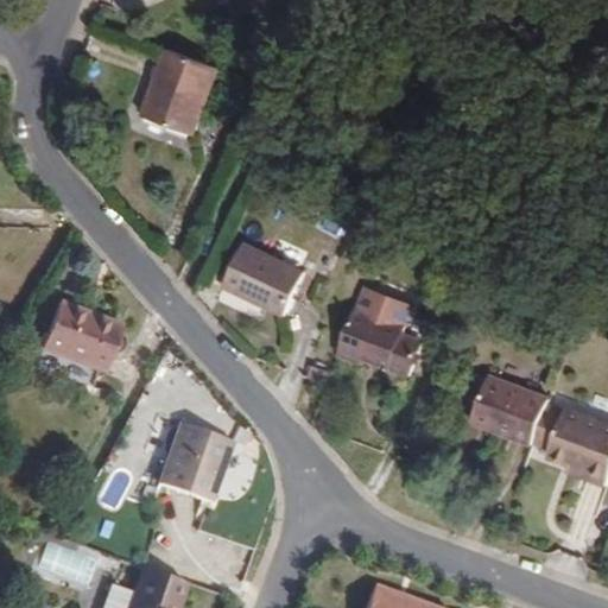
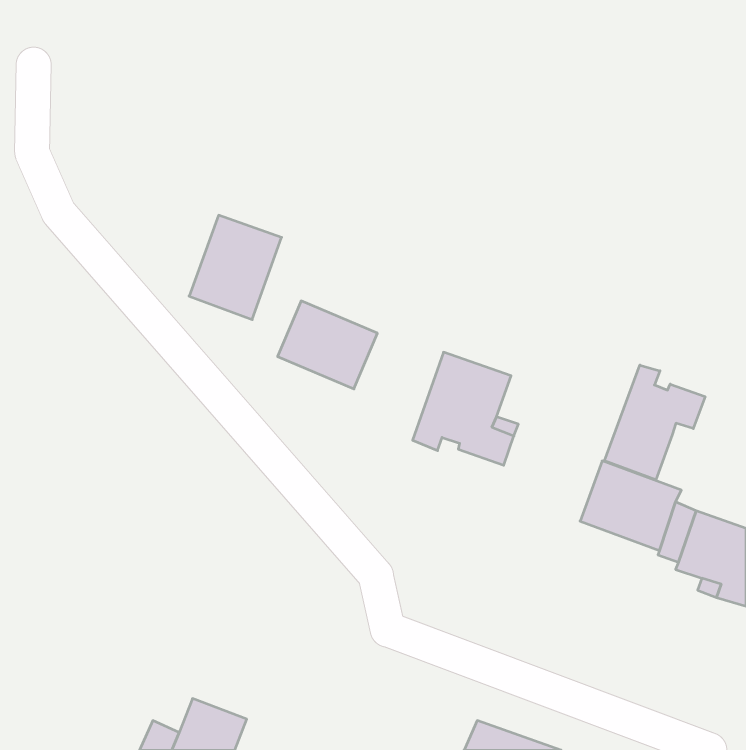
building: [152,43,227,127] -> [189,215,282,320]
building: none -> [605,365,705,480]
building: [36,305,115,373] -> none
building: [154,423,226,500] -> none

